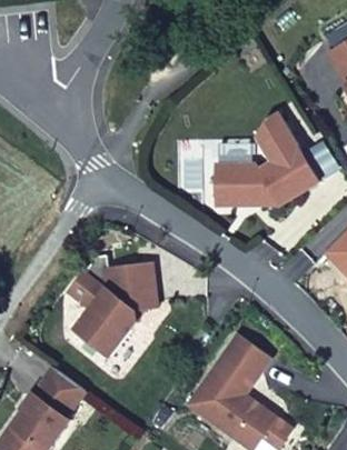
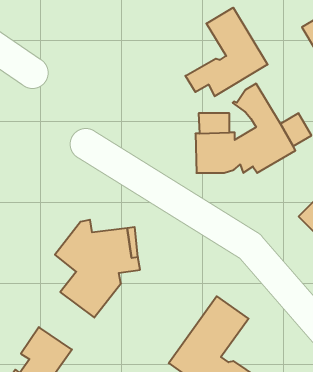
building: none -> [185,8,268,96]

